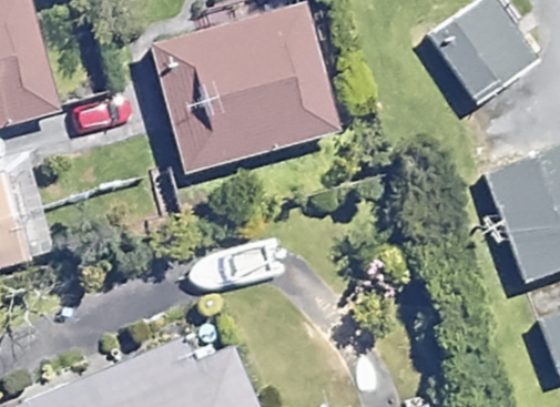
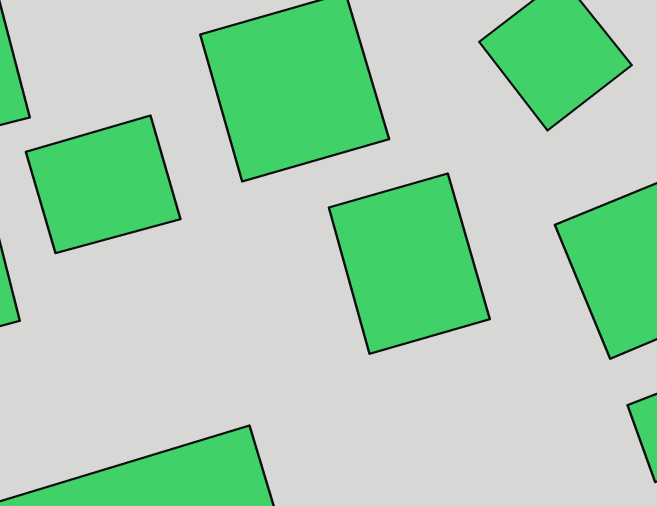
building: none -> [26,115,180,253]
building: none -> [329,174,490,354]

